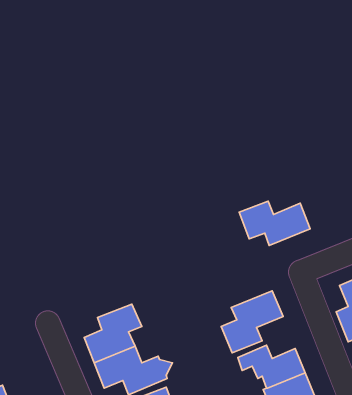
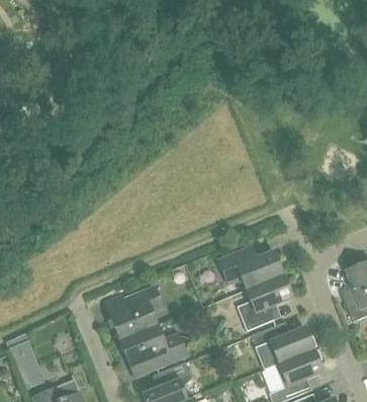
building: [239,201,310,245] -> [218,248,283,289]

